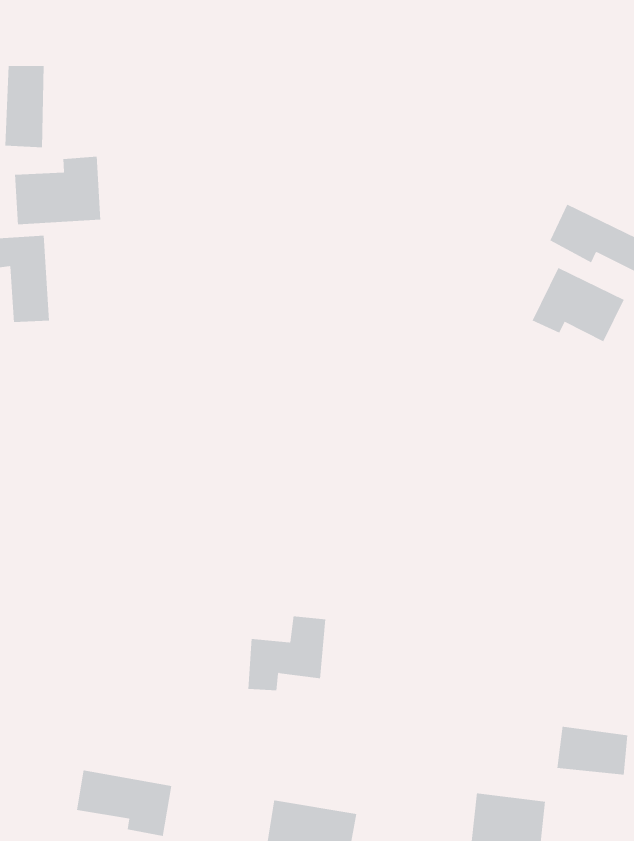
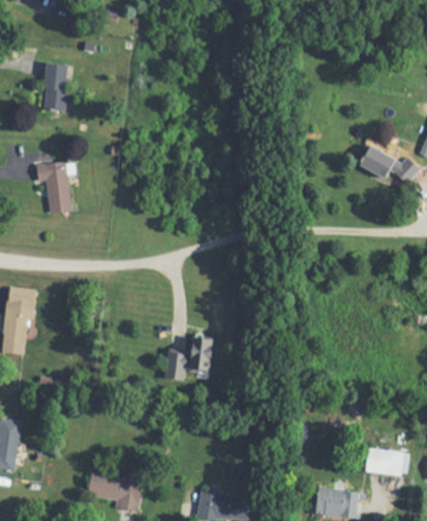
building: [14,156,101,225] -> none
building: [532,267,624,342] -> none
building: [247,616,326,691] -> [167,337,212,381]

